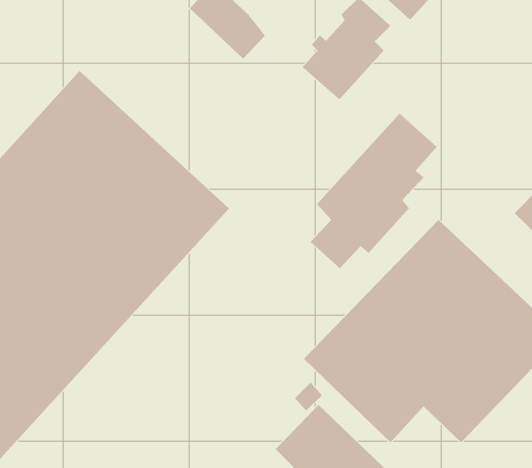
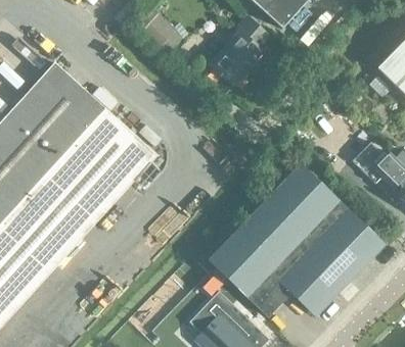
building: [310,113,437,269] -> none

